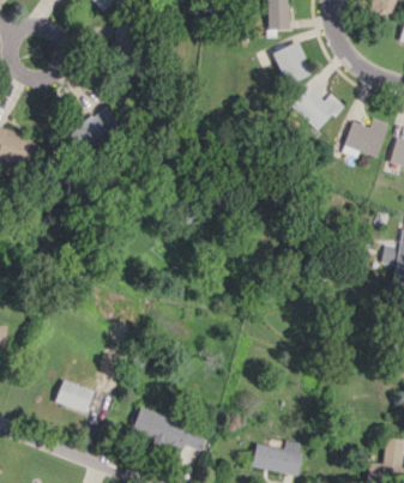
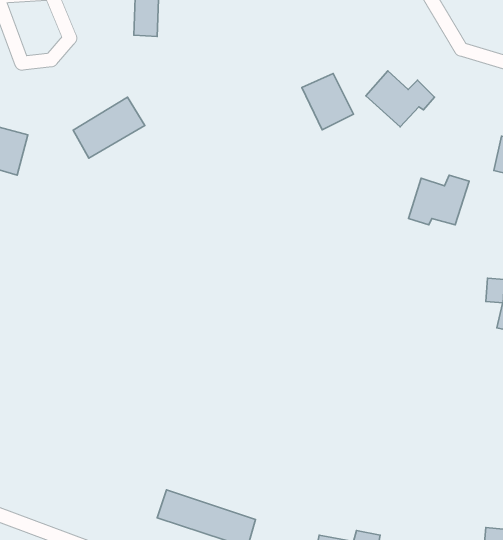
building: [272,42,312,85] -> [302,74,353,130]
building: [342,119,388,157] -> [409,175,469,225]
building: [55,381,92,411] -> none

